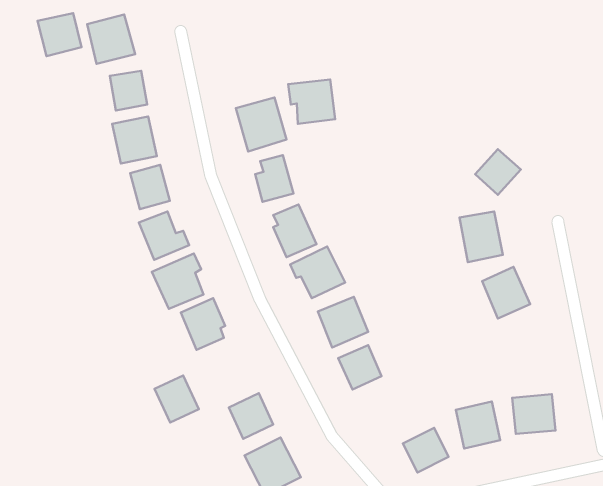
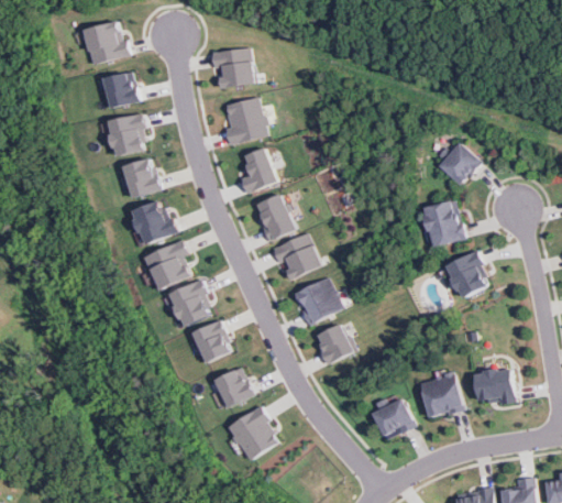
building: [38,13,82,56] -> none
building: [288,79,335,124] -> [209,47,252,88]
building: [155,376,199,423] -> [191,320,232,363]

